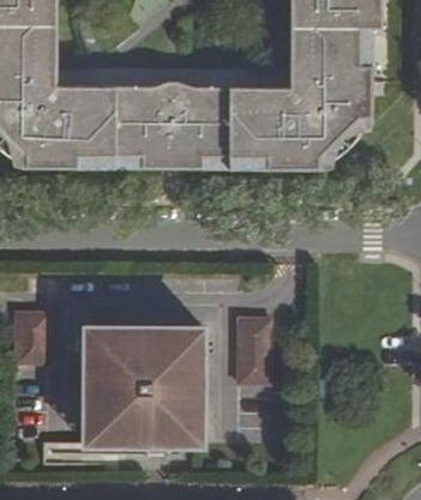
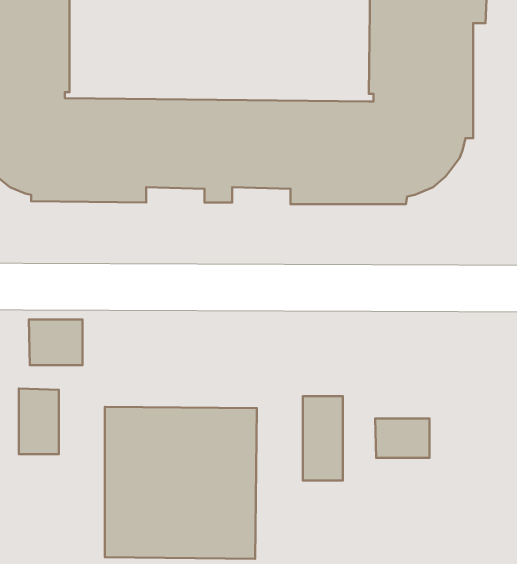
building: none -> [29,320,83,365]
building: none -> [375,418,429,458]

